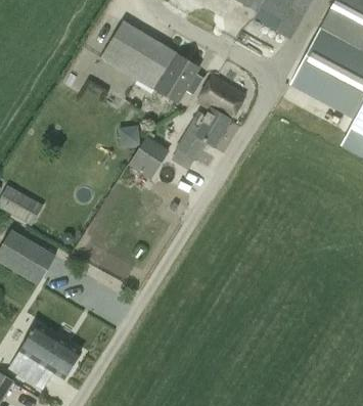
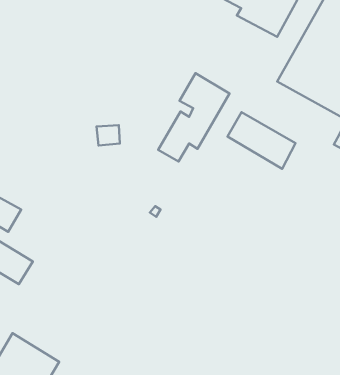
building: [98,21,200,105] -> none
building: none -> [227,112,295,169]
building: [128,136,169,179] -> none

